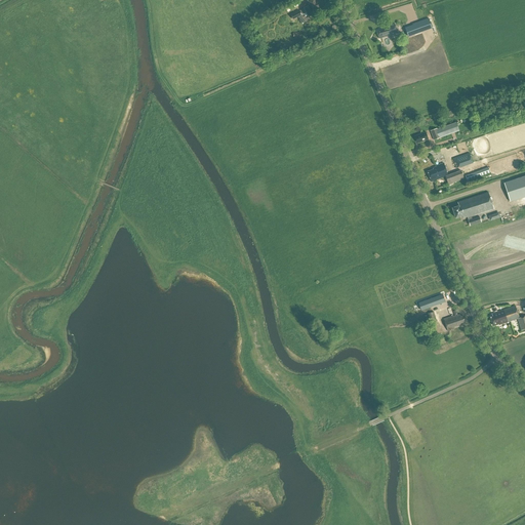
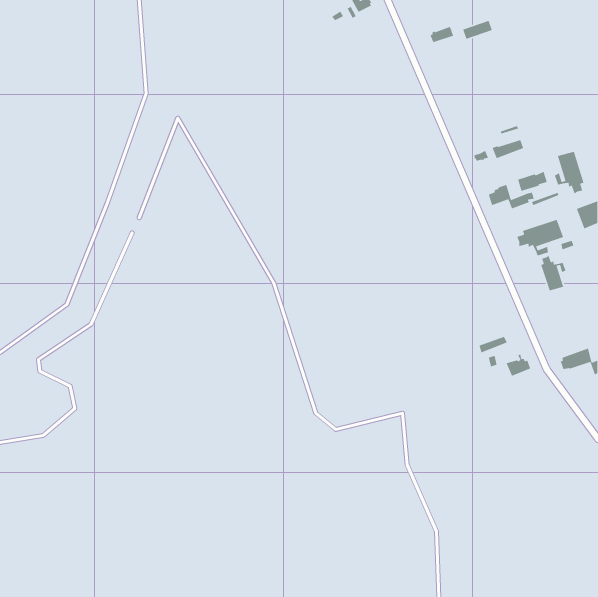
building: none -> [554,151,585,194]
building: none -> [540,255,567,292]

